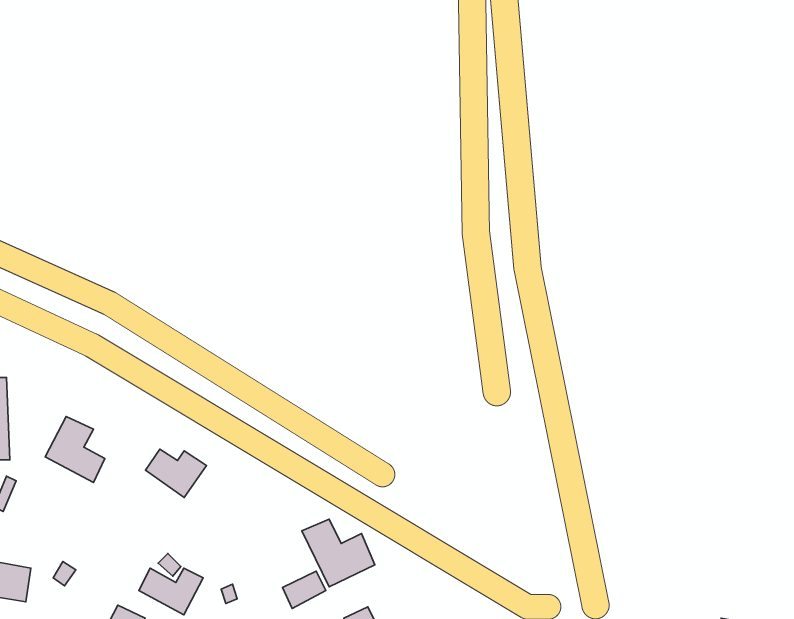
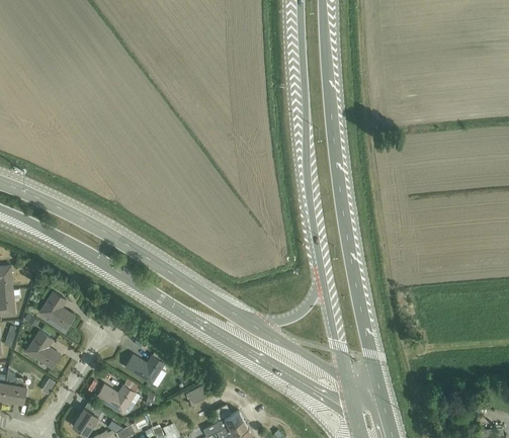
building: [145,449,207,498] -> [124,354,163,384]
building: none -> [24,329,61,369]
building: [302,519,375,587] -> none

